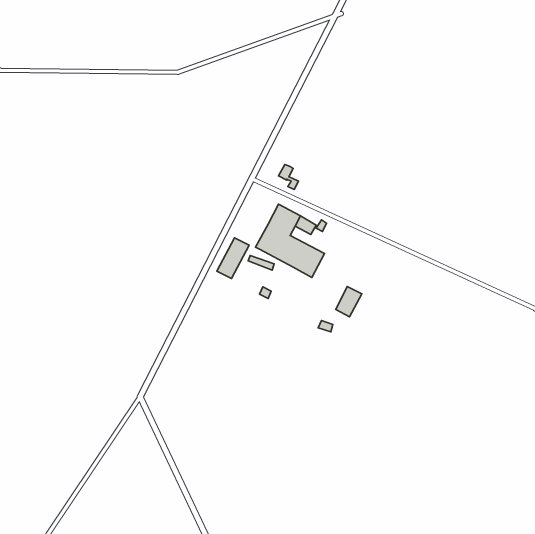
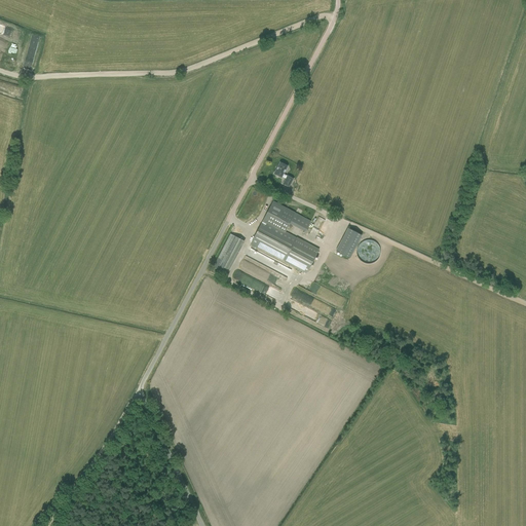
building: [336,286,362,317] -> [336,227,362,257]

